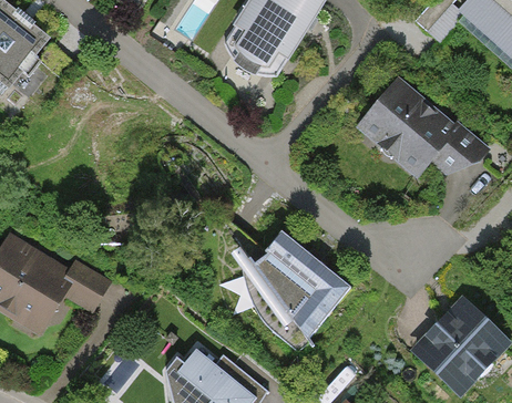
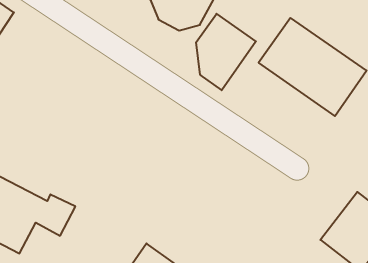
building: none -> [196,14,256,90]
building: [239,225,354,353] -> none

